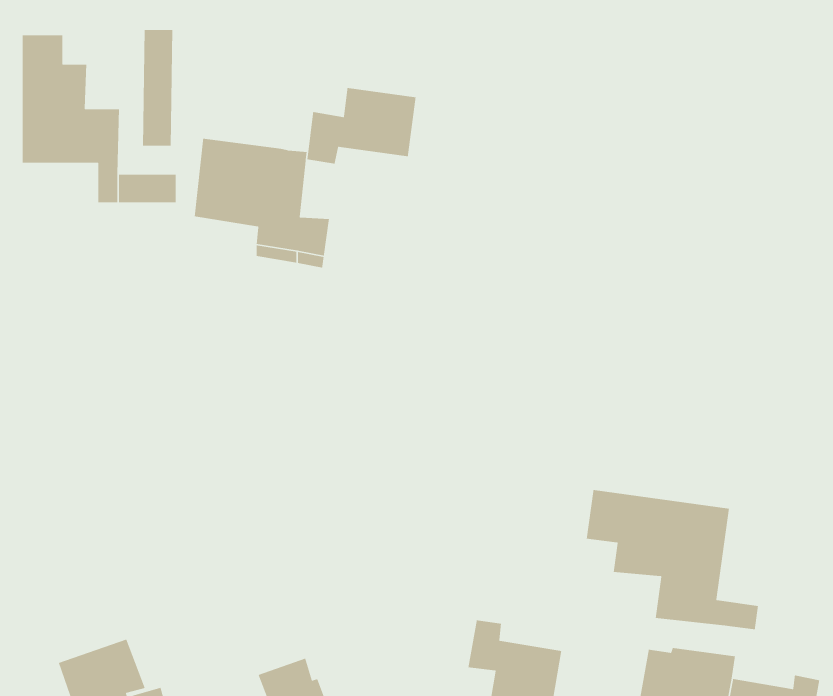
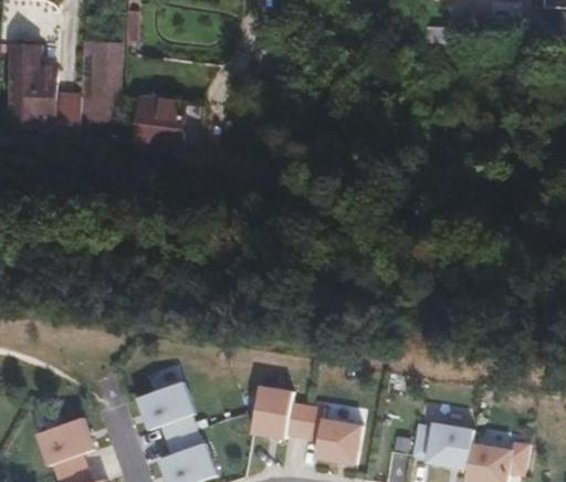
building: [307,87,417,164] -> none
building: [586,489,759,630] -> none
building: none -> [138,381,197,441]
building: none -> [252,386,306,438]

